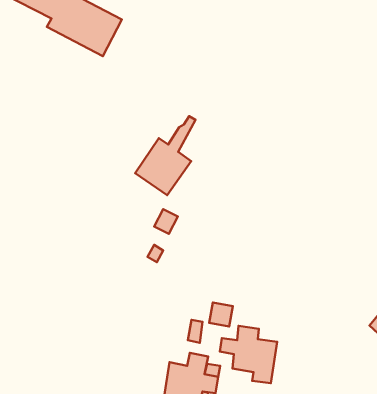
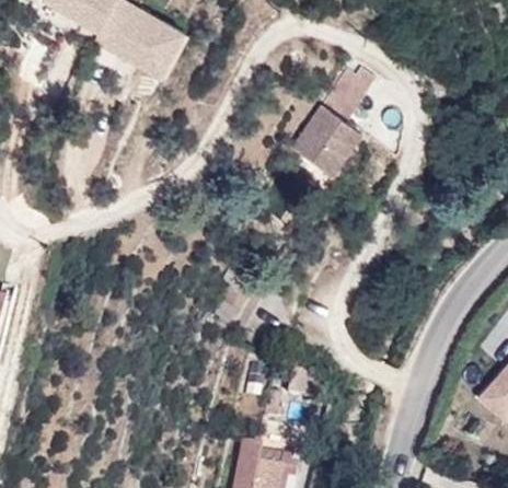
building: [135,116,196,195] -> [292,78,365,172]
building: [220,326,277,383] -> none

